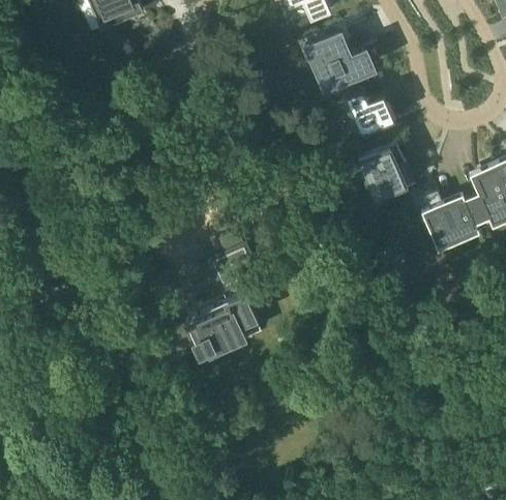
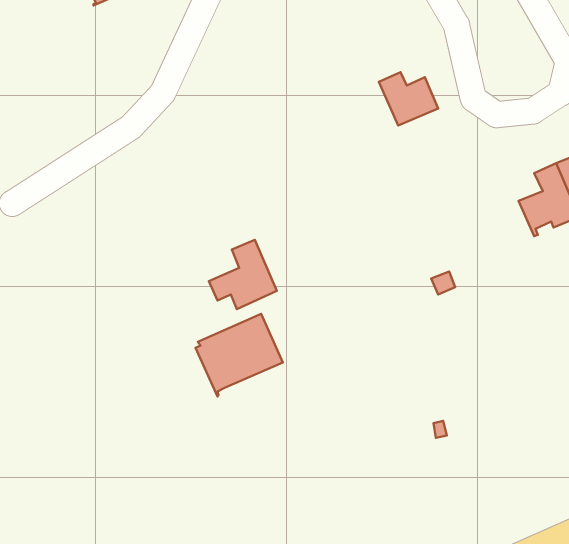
building: [310,35,370,86] -> none
building: [358,148,412,197] -> none
building: [418,194,476,246] -> none

